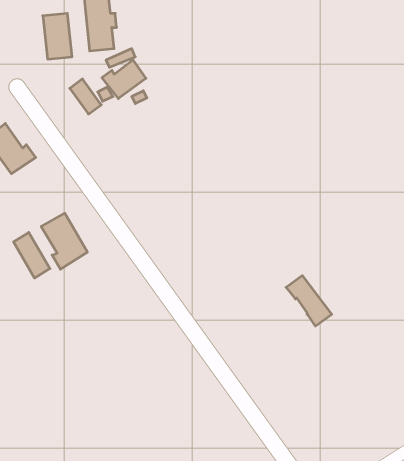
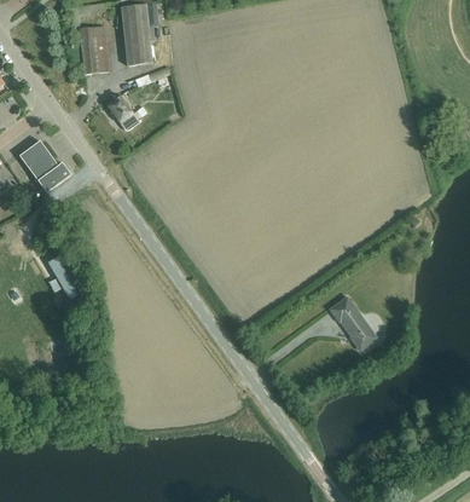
building: [102,60,146,99] -> none
building: [41,213,87,269] -> none

